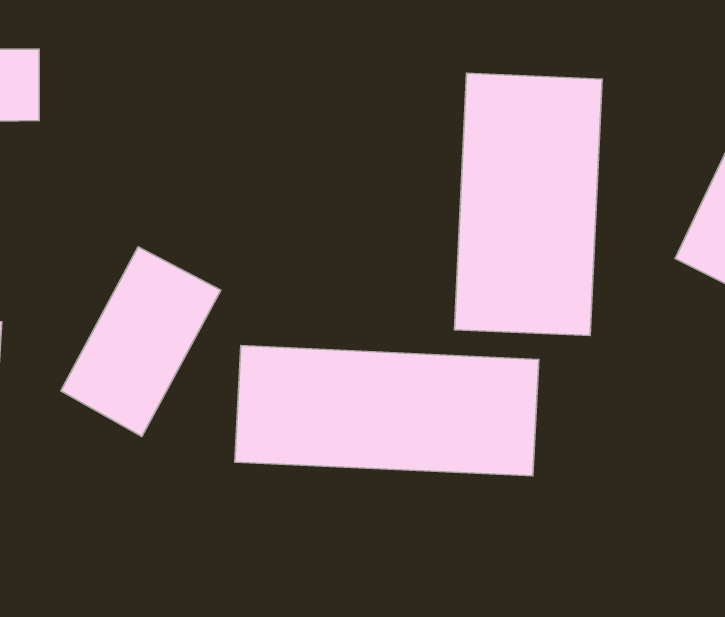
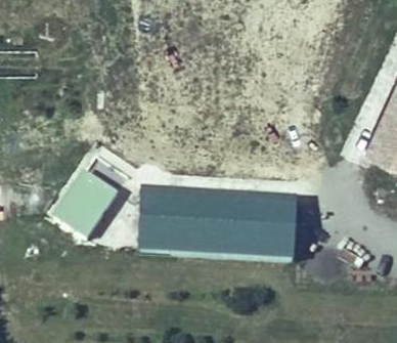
building: [455,73,602,336] -> none

